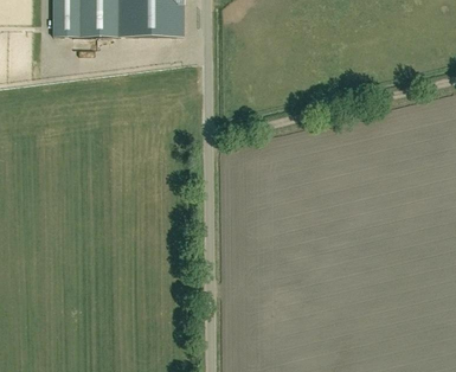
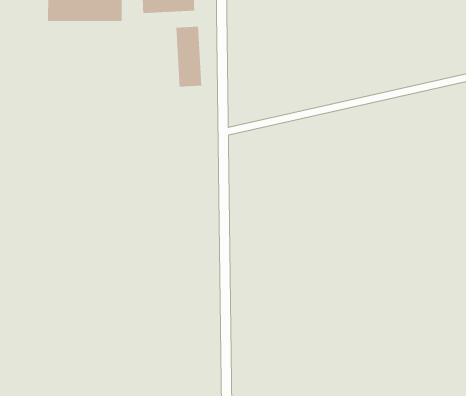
building: none -> [176,26,202,88]

